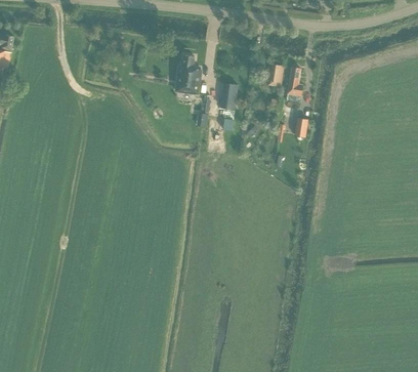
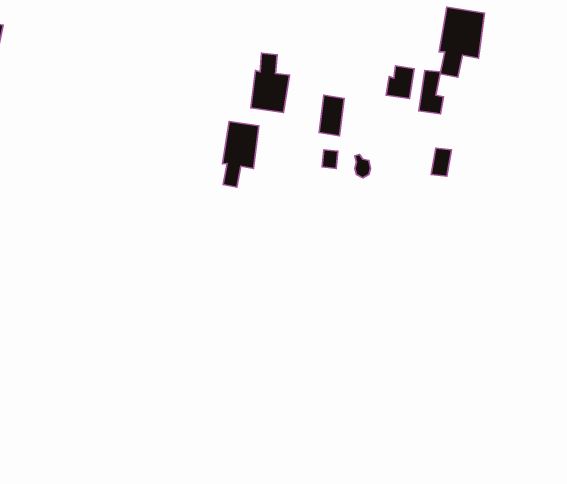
building: none -> [439,7,484,77]
building: none -> [223,121,259,187]

